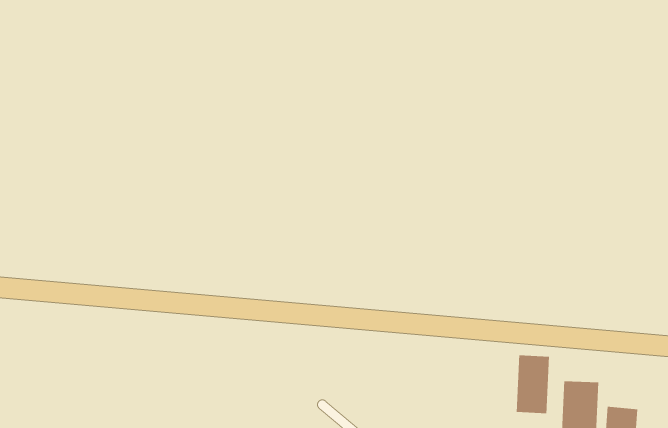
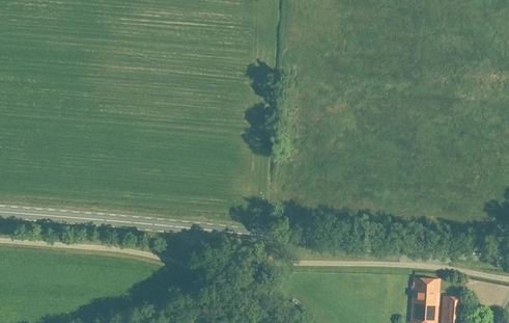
building: [516,355,549,414] -> none

